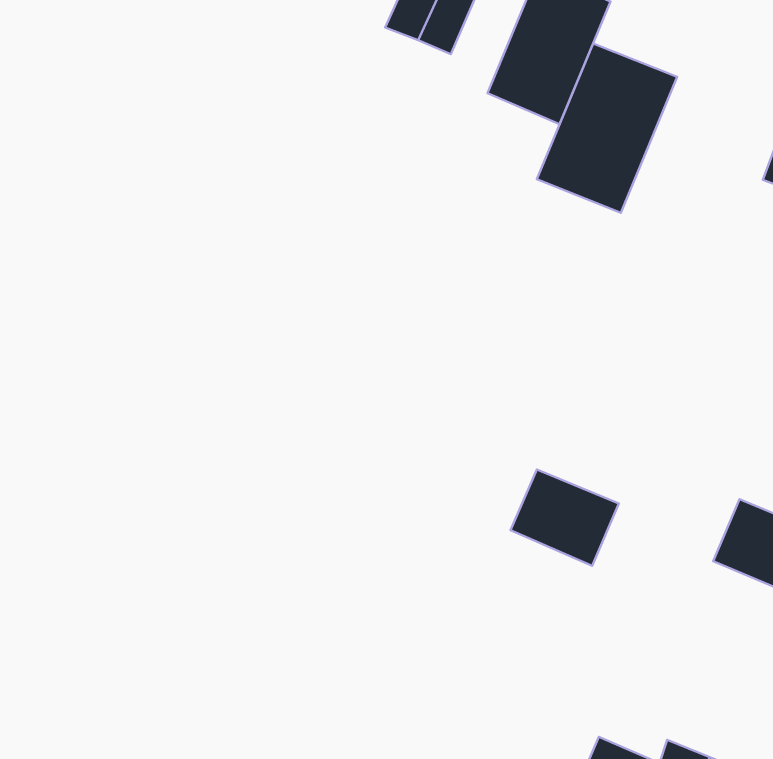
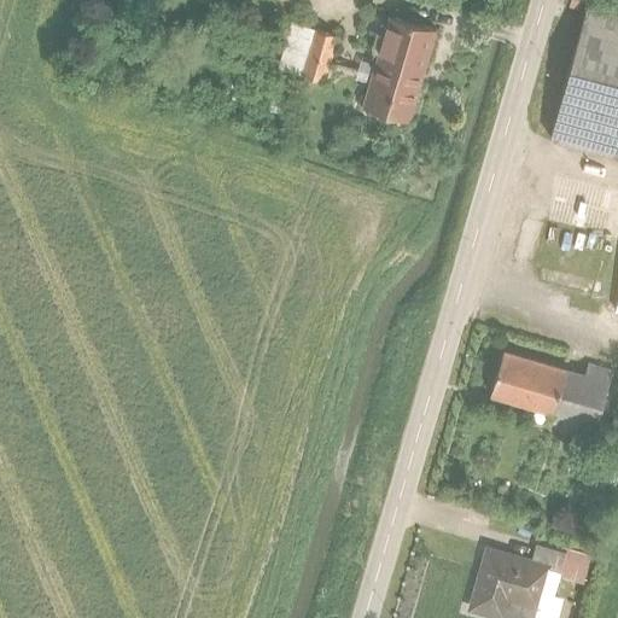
building: [537,43,677,213] -> none
building: [510,470,619,566] -> [494,354,567,416]

